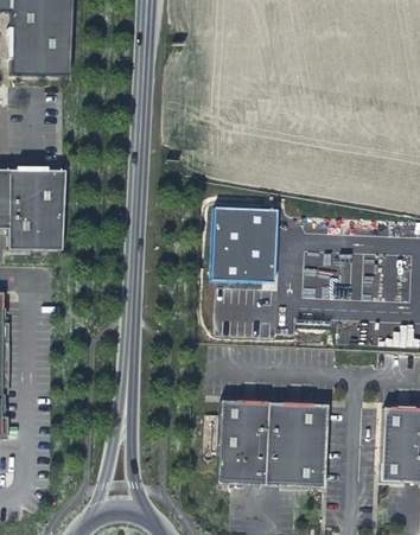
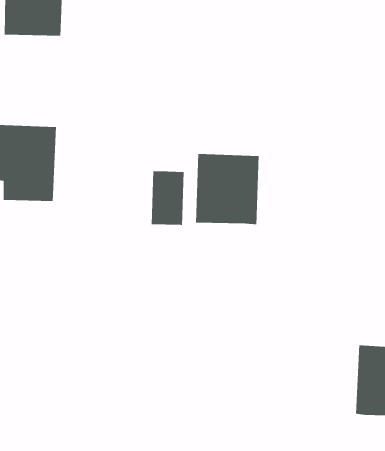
building: none -> [151,170,185,226]
building: [216,399,326,486] -> none

